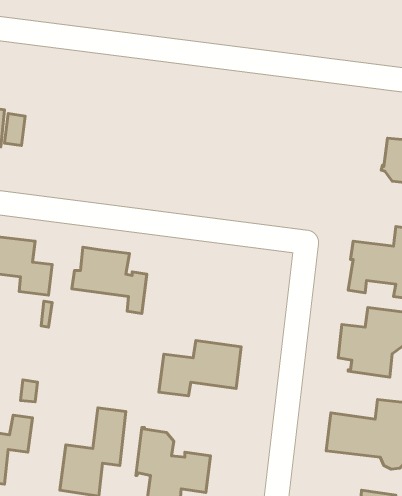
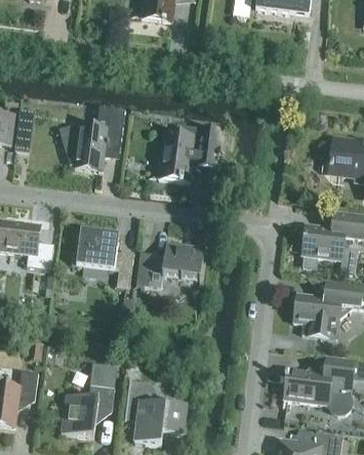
building: none -> [59,106,125,170]
building: none -> [158,125,223,181]
building: [159,341,241,396] -> [135,240,204,286]

